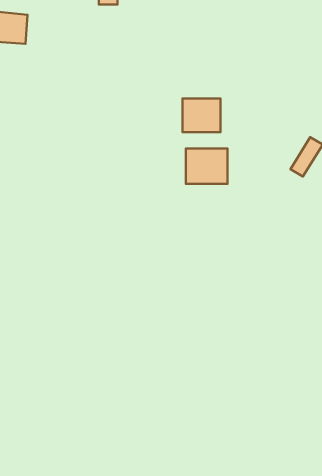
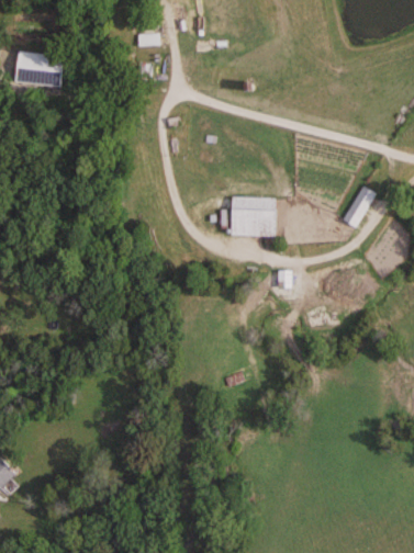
building: [183,99,220,132] -> none

